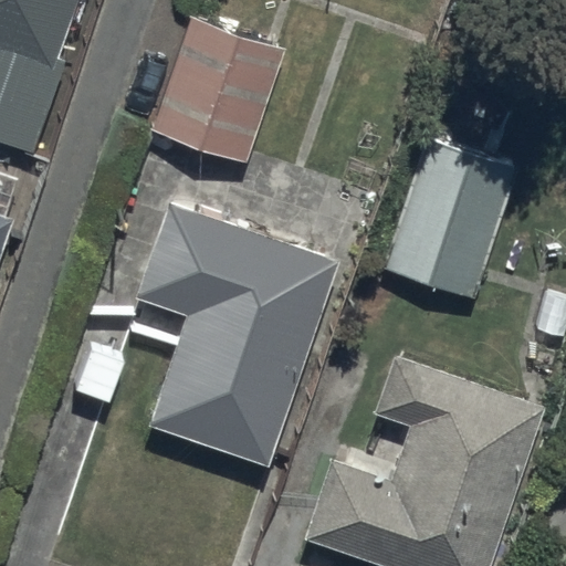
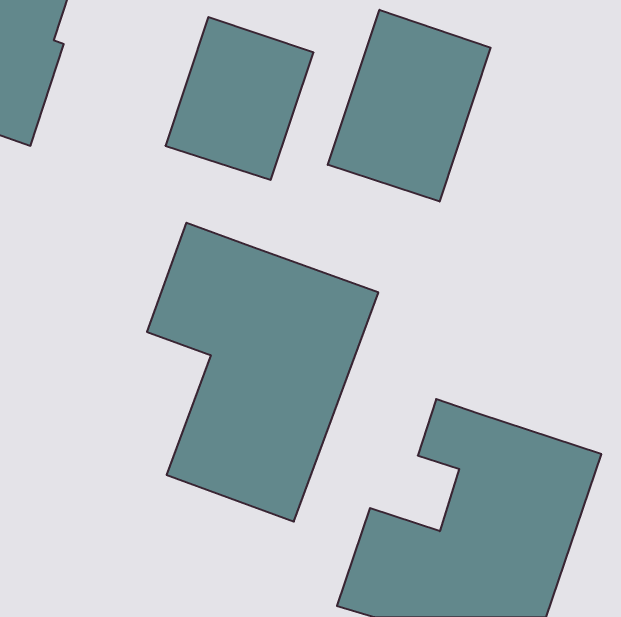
building: none -> [328,10,491,202]
building: [388,142,517,300] -> none

